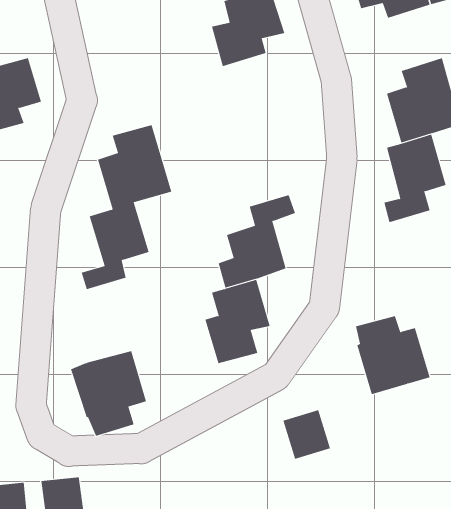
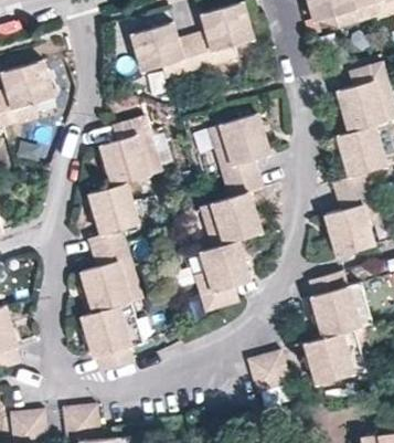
building: none -> [132,23,201,77]
building: none -> [206,114,269,182]
building: none -> [327,186,382,254]
building: none -> [77,241,134,310]
building: none -> [305,328,365,383]

